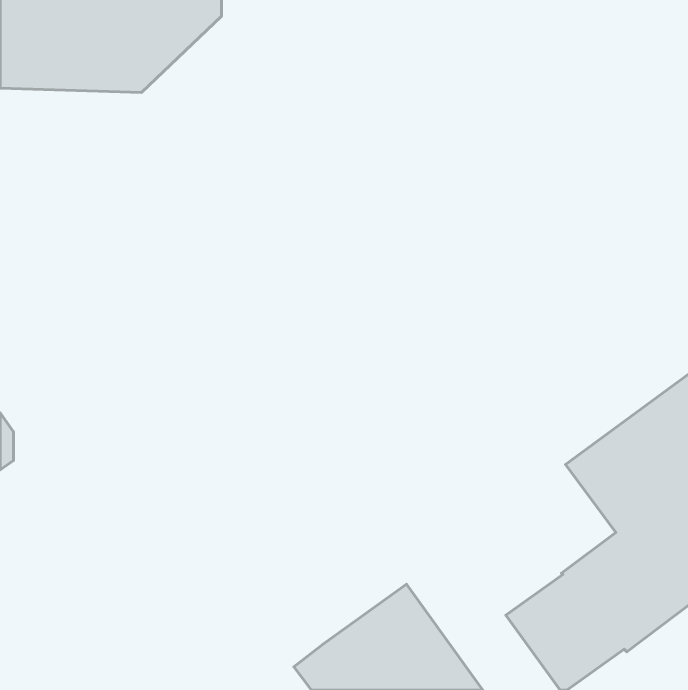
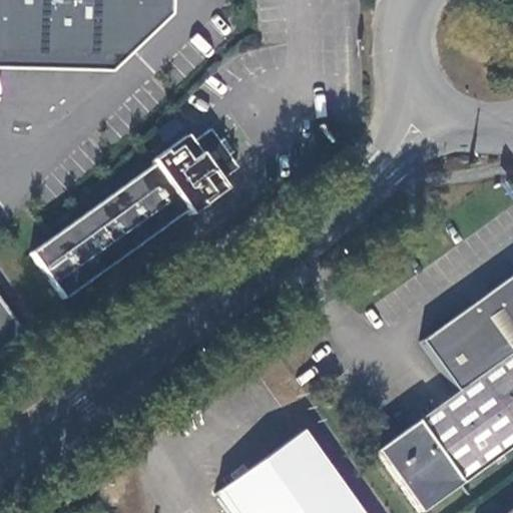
building: none -> [34,128,239,297]

